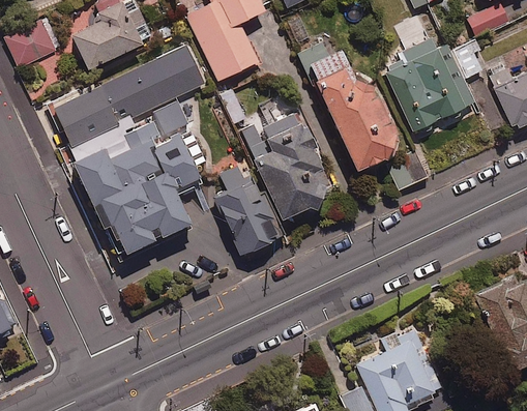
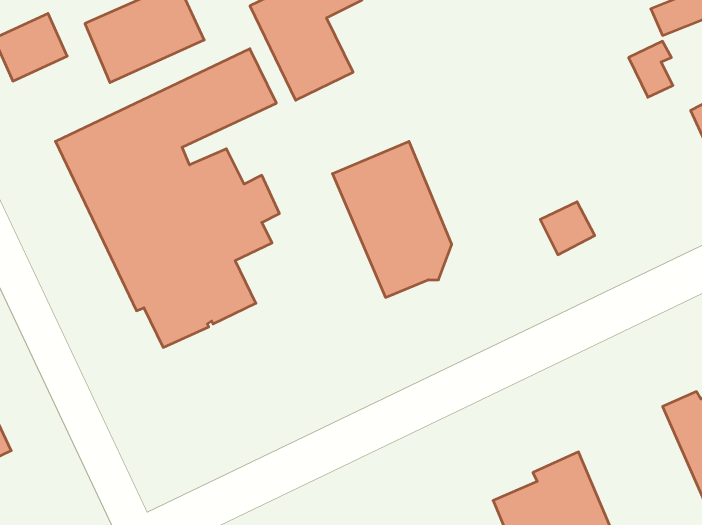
building: [386,37,474,131] -> none
building: [309,51,394,171] -> none
building: [214,163,281,255] -> none

